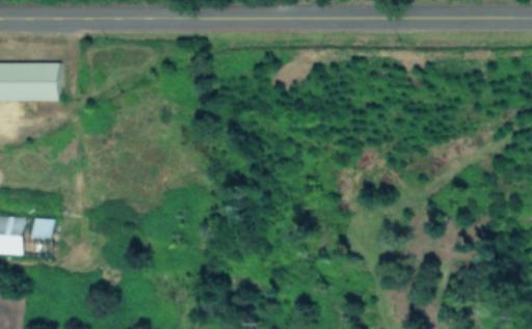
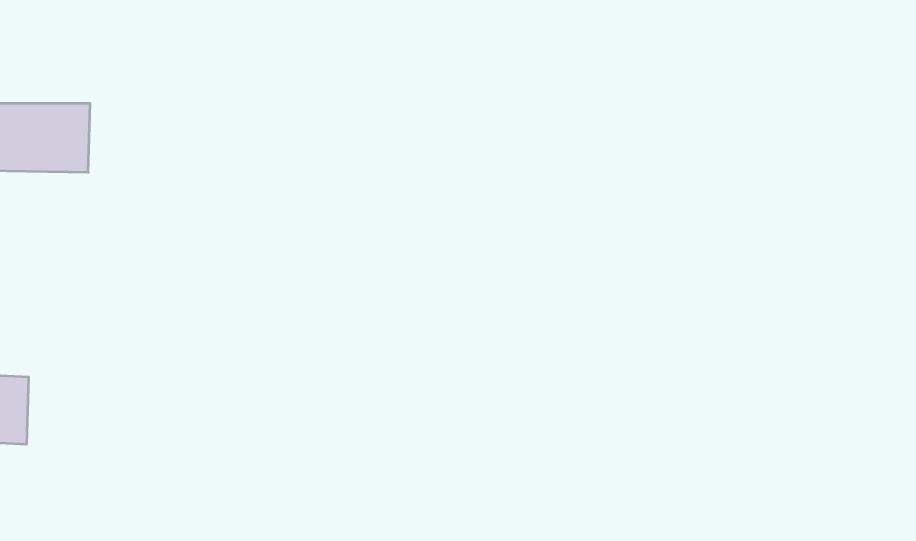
building: [32,218,53,239] -> none

